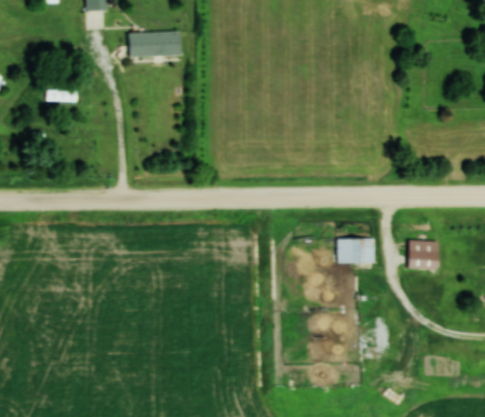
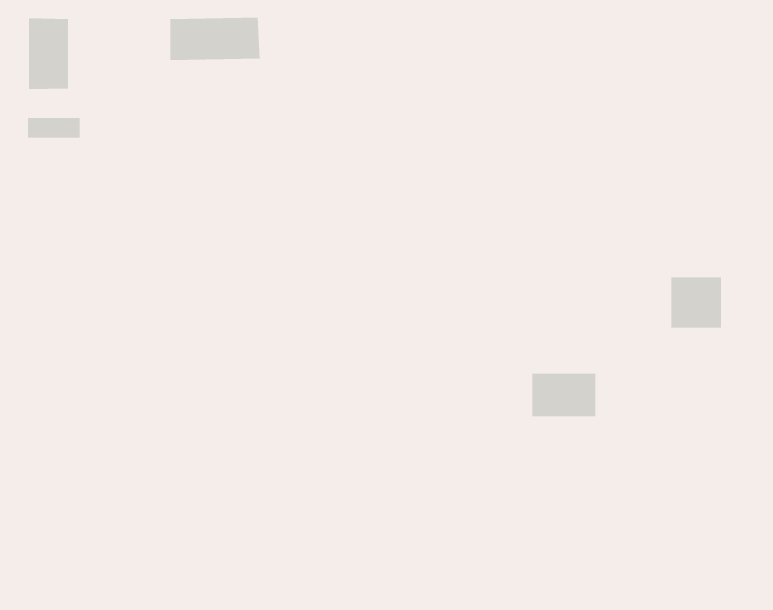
building: none -> [29,18,68,90]
building: [408,240,438,269] -> [671,277,722,328]

